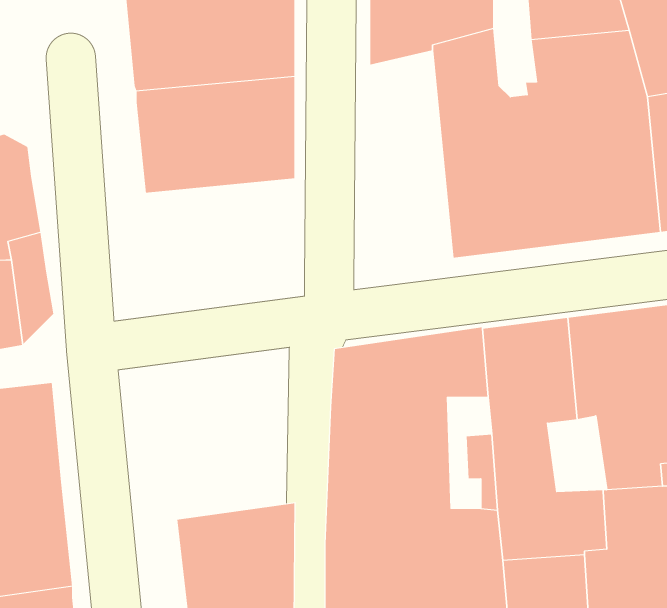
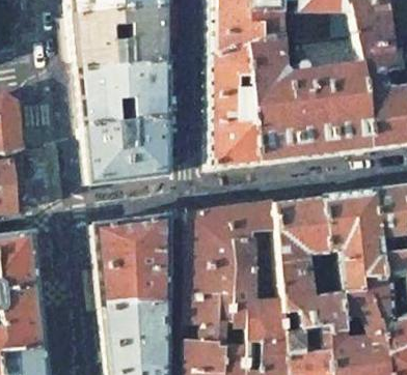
building: none -> [211,48,257,169]
building: none -> [85,119,169,184]
building: none -> [94,217,169,310]

